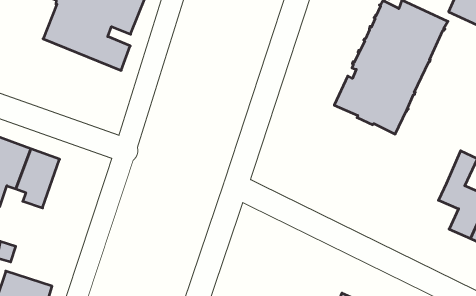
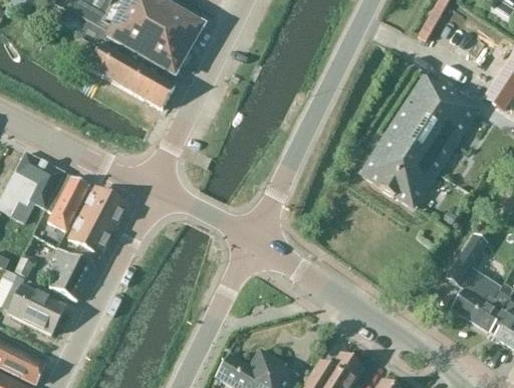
building: none -> [68,187,125,254]
building: none -> [49,246,94,300]

